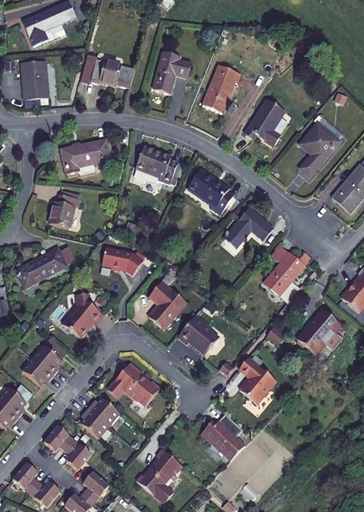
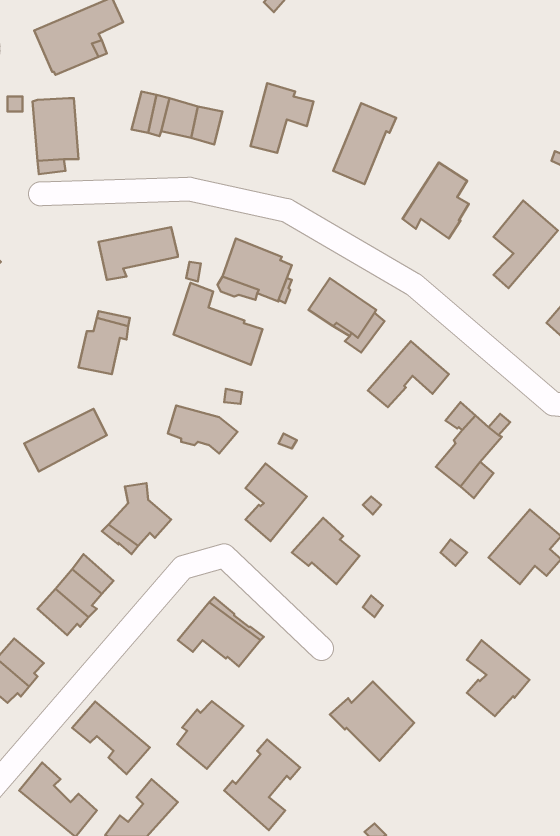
building: none -> [174,283,263,365]
building: [238,357,276,403] -> [467,640,530,716]
building: [79,397,119,438] -> [177,701,243,769]

